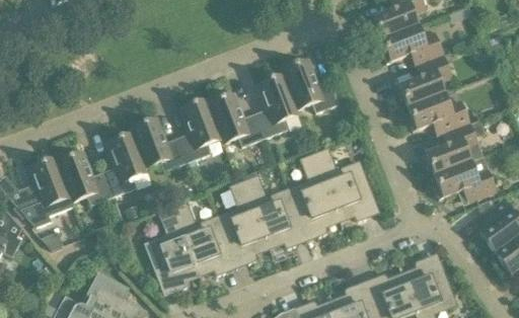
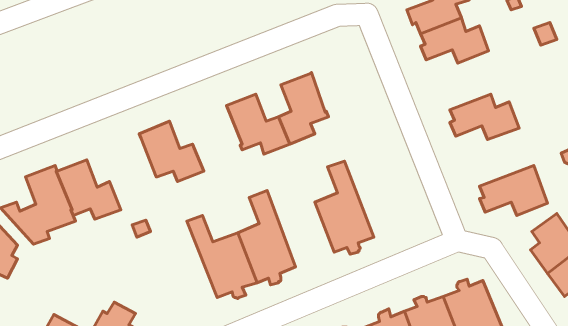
building: [395,54,451,106] -> none
building: [281,59,339,111] -> none
building: [177,97,222,161] -> none
building: [422,123,483,174] -> none
building: [103,132,148,195] -> none
building: [313,146,375,220] -> none
building: [244,173,304,247] -> none
building: [145,206,200,290] -> none

